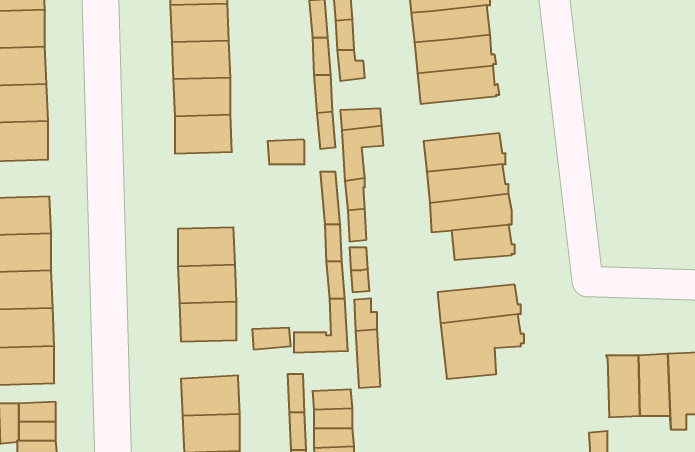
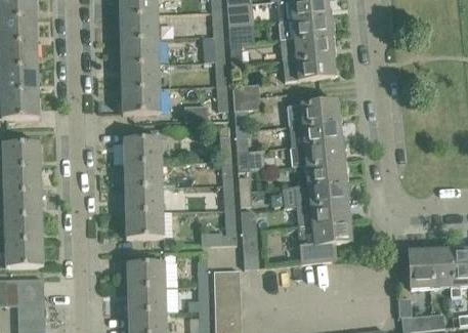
building: none -> [123,137,161,164]
building: none -> [294,181,349,206]

